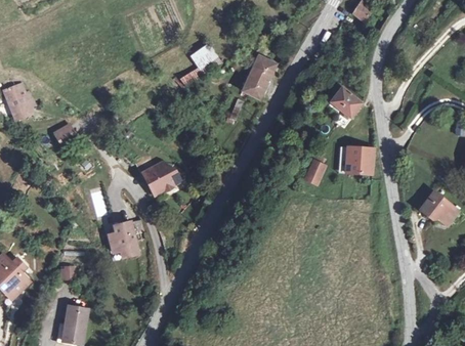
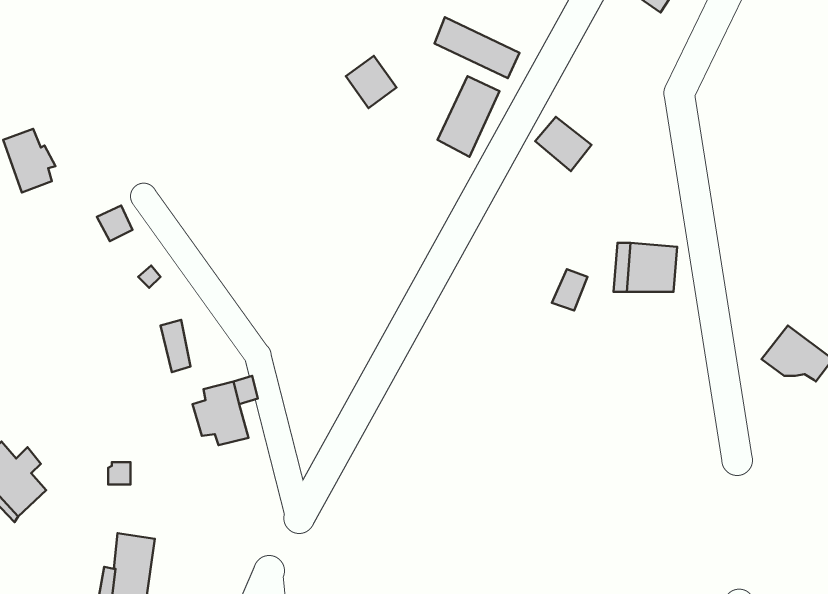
building: none -> [434,17,520,78]
building: [330,88,361,118] -> [535,117,591,171]
building: [143,162,180,192] -> none

